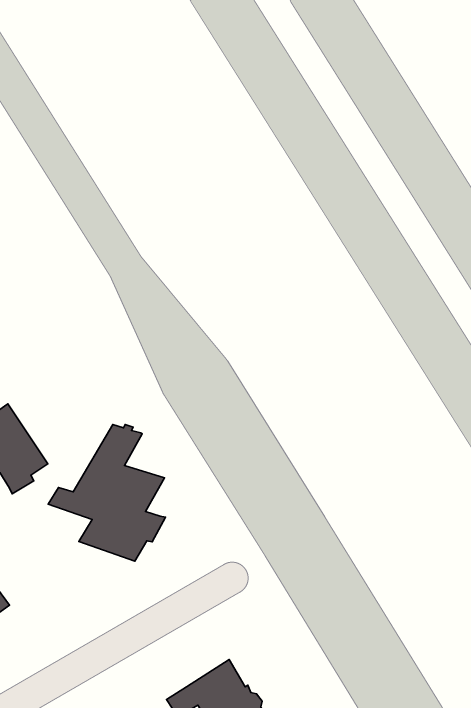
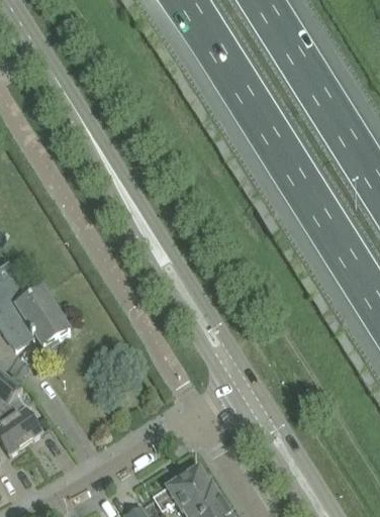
building: [48,424,165,561] -> none

